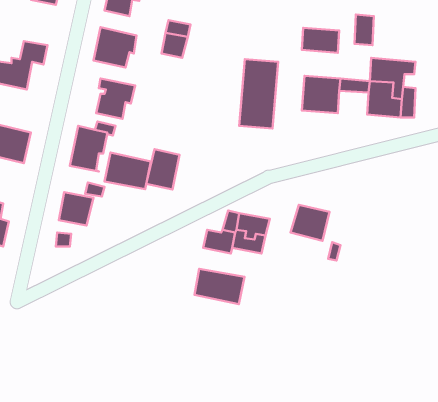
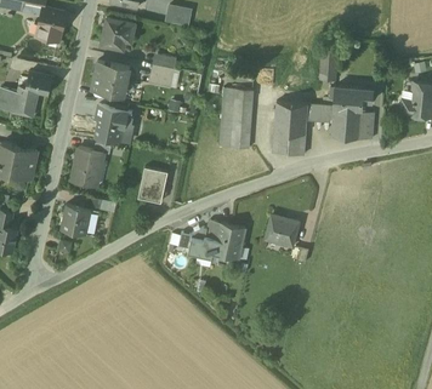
building: [302,28,339,53] -> [273,132,306,154]
building: [104,153,151,189] -> none
building: [194,269,244,304] -> none

